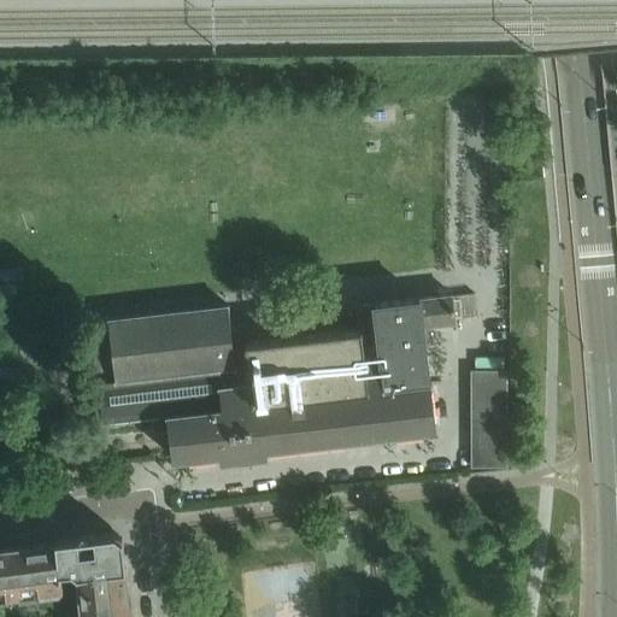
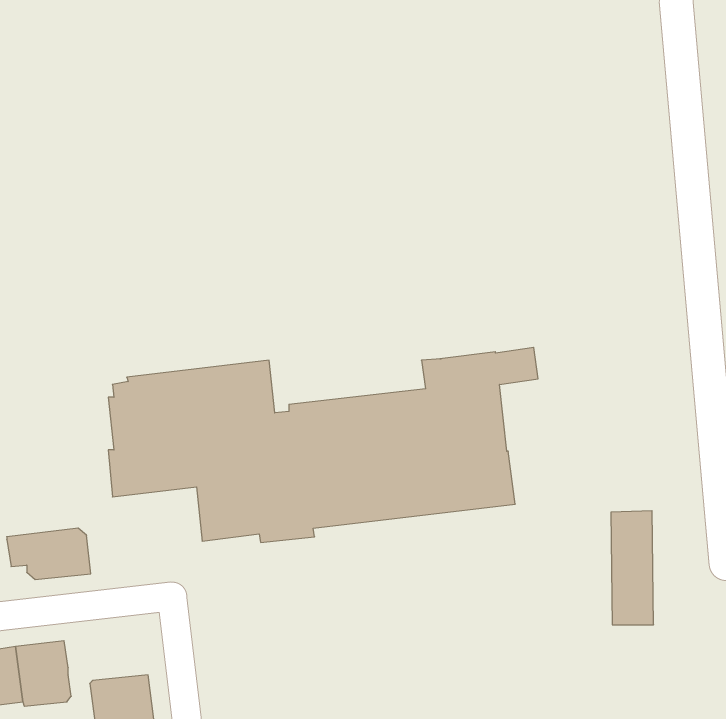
building: [474,378,510,475] -> [611,511,654,625]
building: [54,540,125,583] -> [7,528,91,579]

